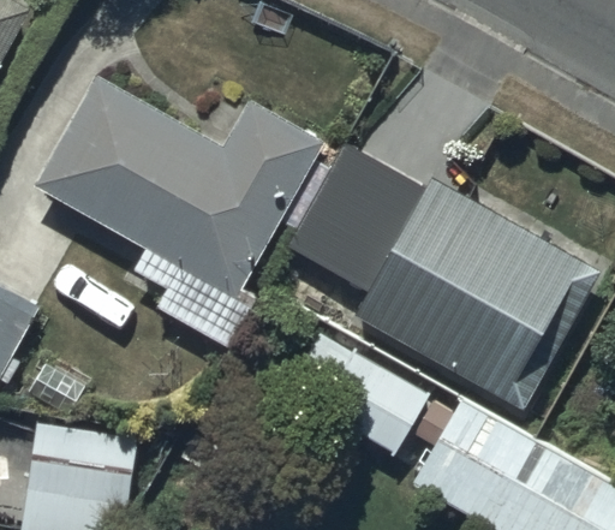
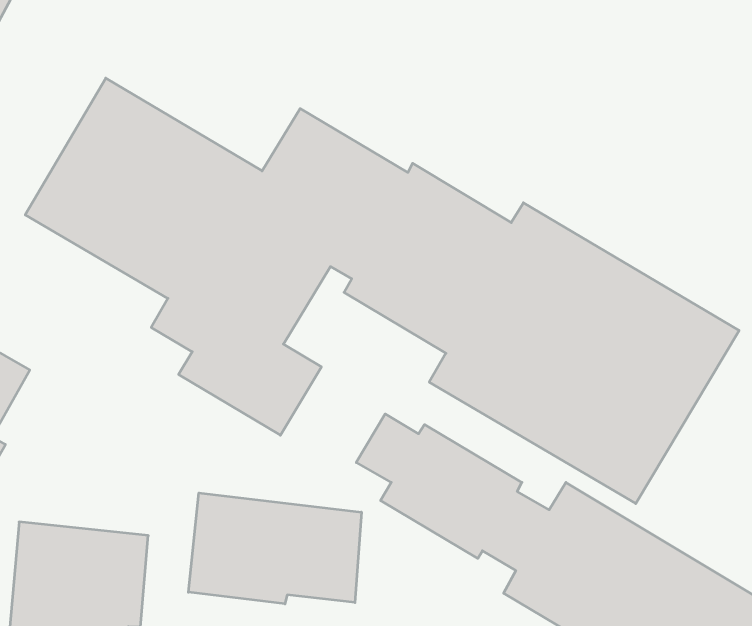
building: none -> [188,493,361,604]

